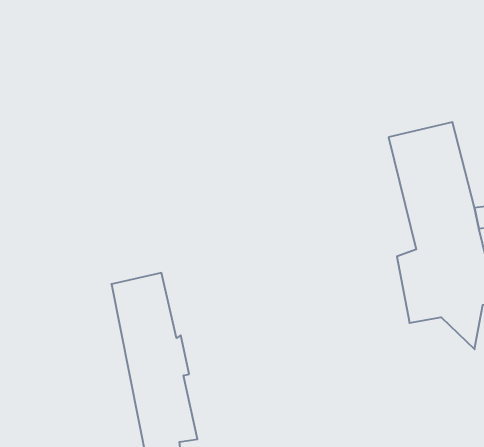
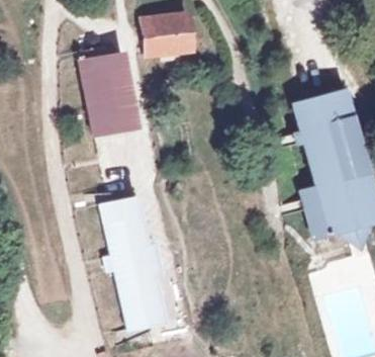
building: none -> [142,11,193,52]
building: none -> [74,50,142,133]

